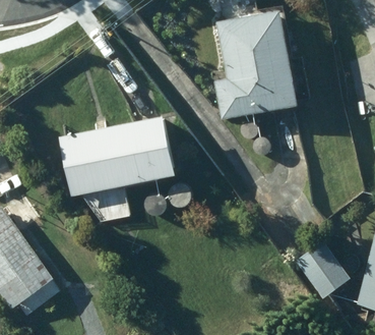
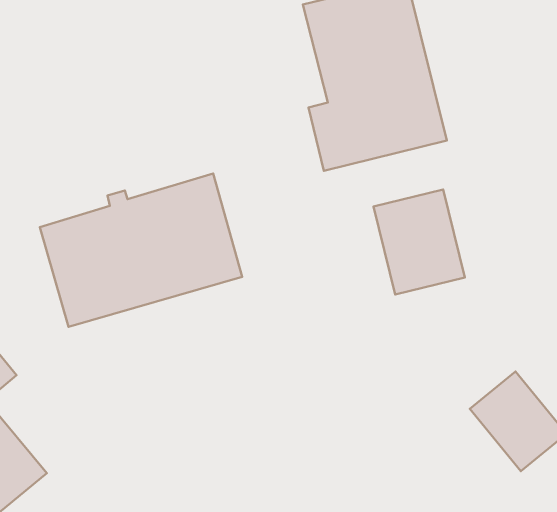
building: none -> [374,190,465,295]

